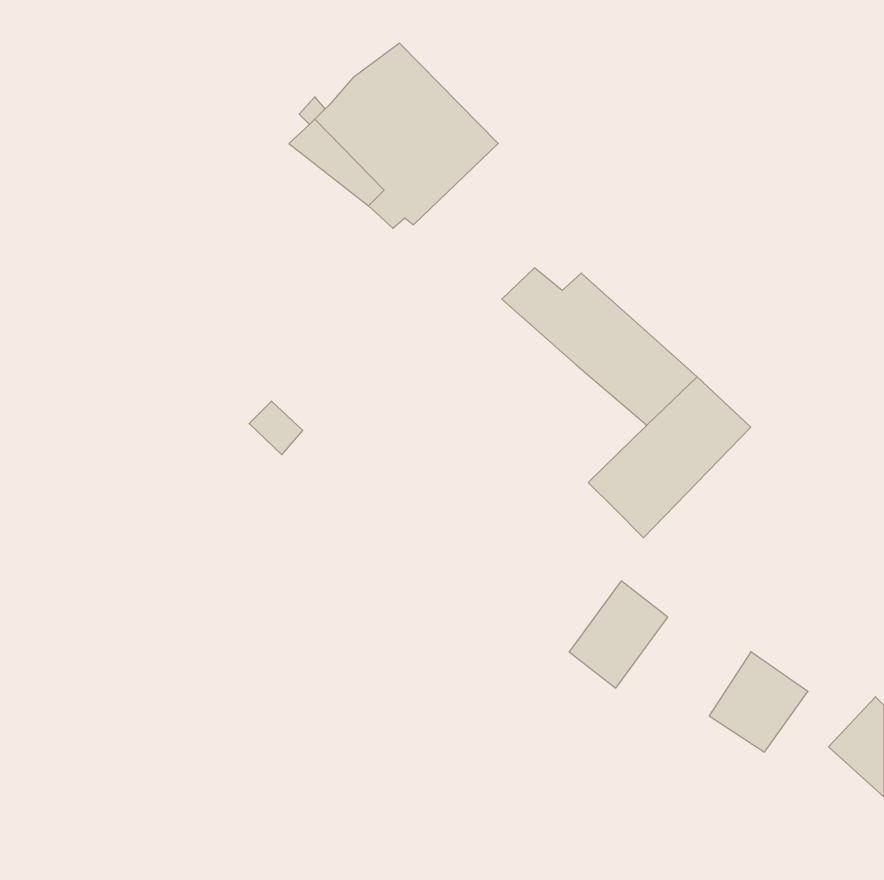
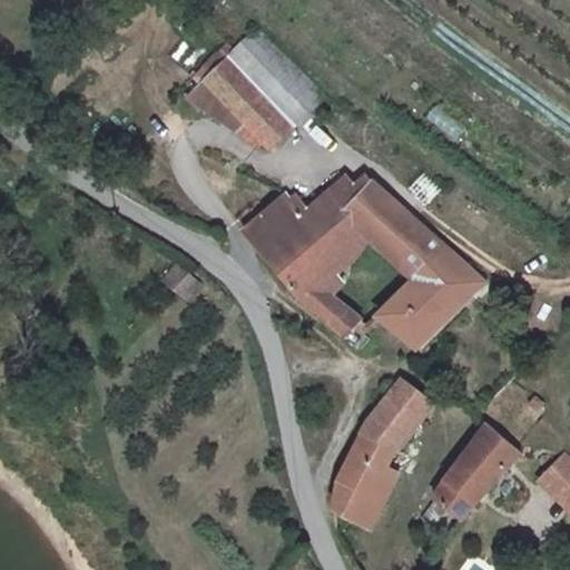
building: none -> [242,194,371,335]
building: none -> [337,422,396,532]
building: none -> [432,463,492,523]

